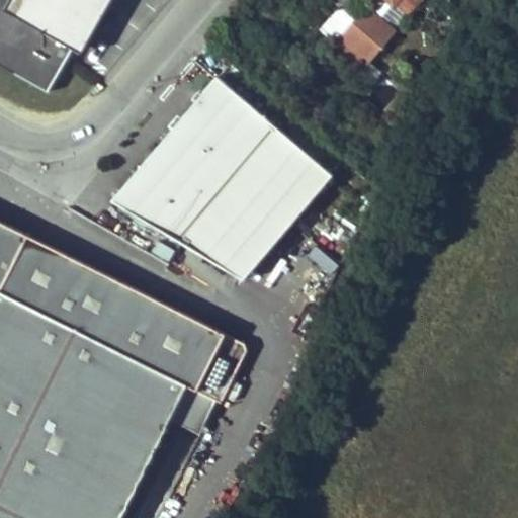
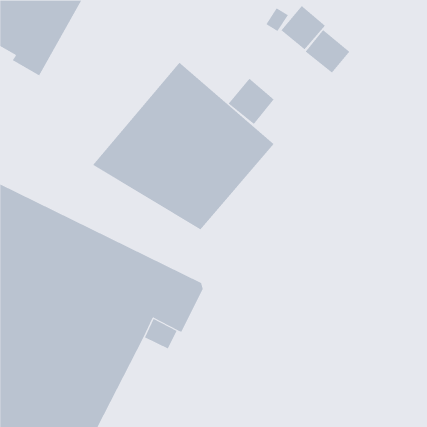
building: none -> [305,29,350,73]
building: none -> [228,78,275,125]

